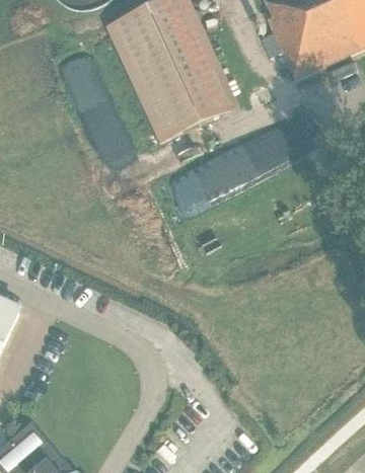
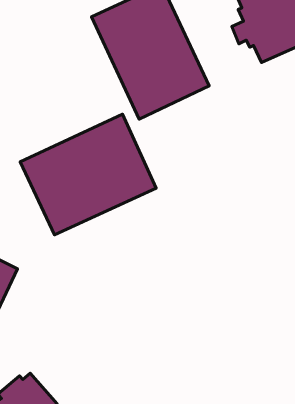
building: none -> [20,114,156,235]

